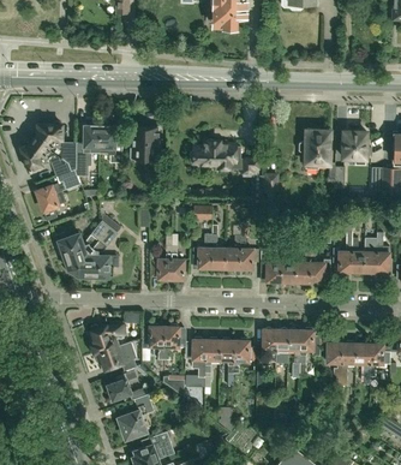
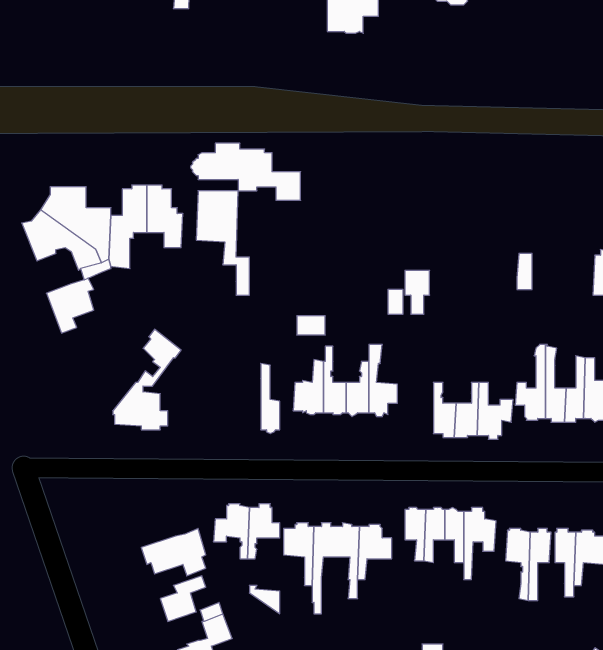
building: [298,129,329,168] -> none
building: [342,131,369,166] -> none
building: [188,141,258,177] -> [191,143,301,200]
building: [54,227,108,279] -> none
building: [151,237,172,280] -> none
building: [261,249,281,282] -> none
building: [90,326,124,354] -> none

